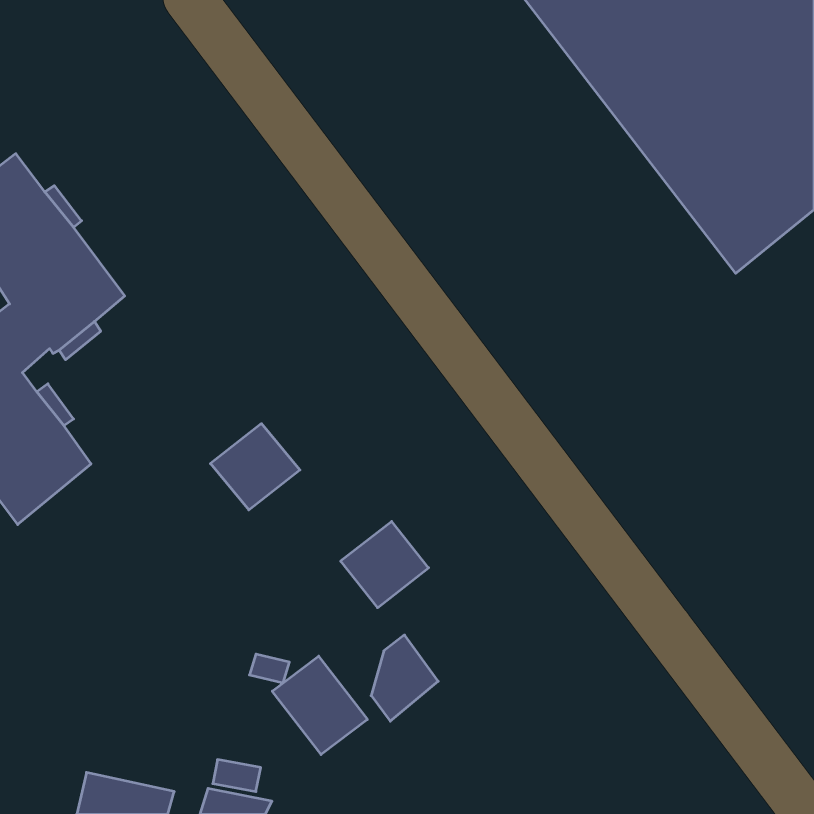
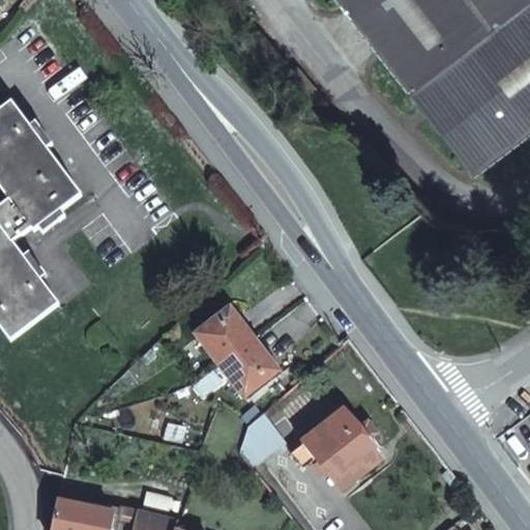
building: [210,424,300,510] -> [196,307,254,363]
building: none -> [304,409,383,488]
building: [272,656,367,755] -> none

